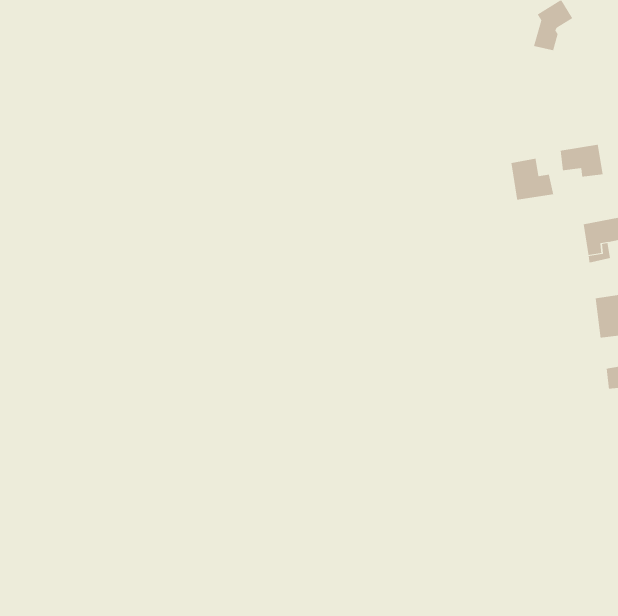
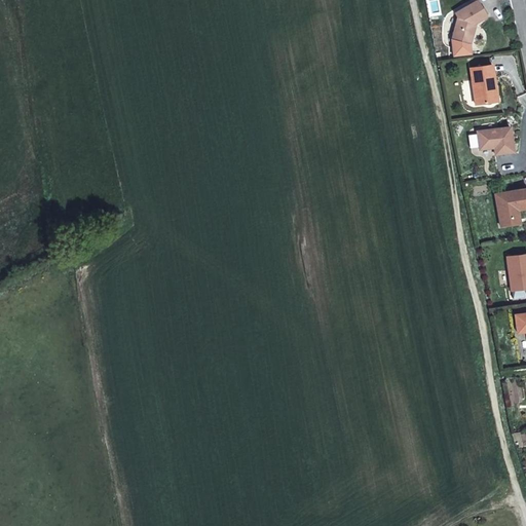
building: none -> [472,67,497,107]
building: [511,158,554,201] -> none

